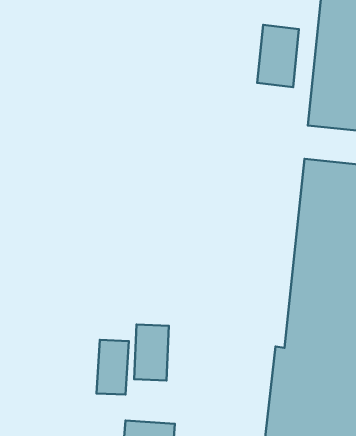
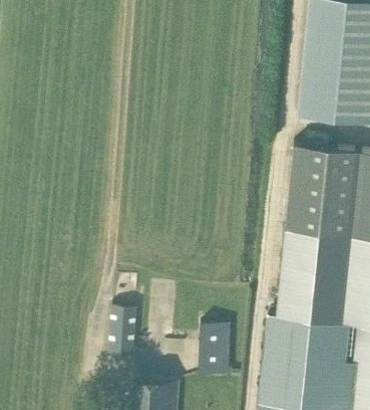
building: [257,25,299,87] -> none
building: [134,325,169,380] -> [198,327,229,377]

